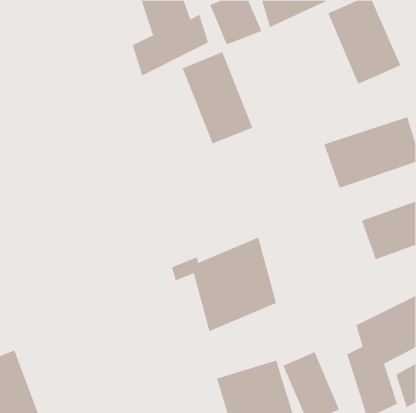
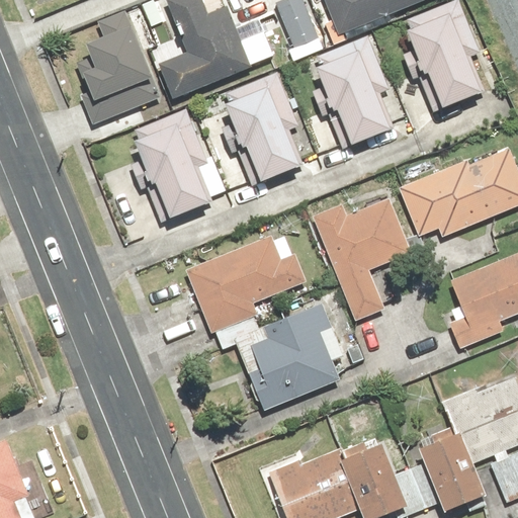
building: none -> [93,12,157,104]
building: none -> [314,36,403,147]
building: none -> [130,111,220,222]
building: none -> [305,195,402,324]
building: none -> [185,235,301,333]

